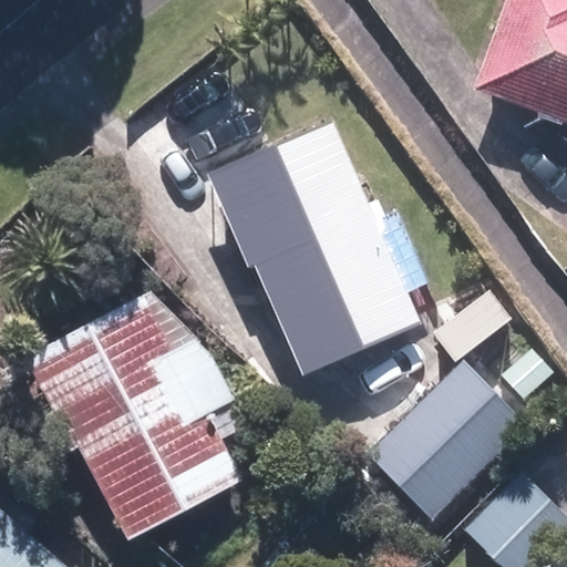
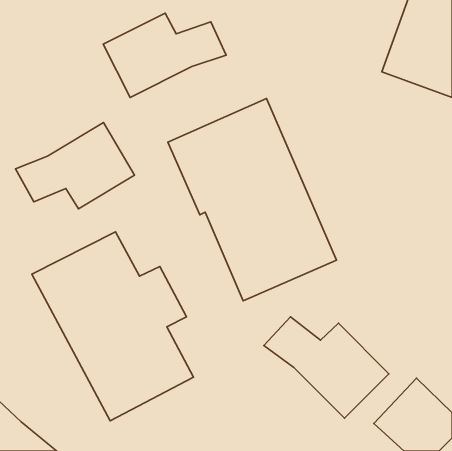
building: none -> [103,13,226,98]
building: none -> [16,122,135,209]

